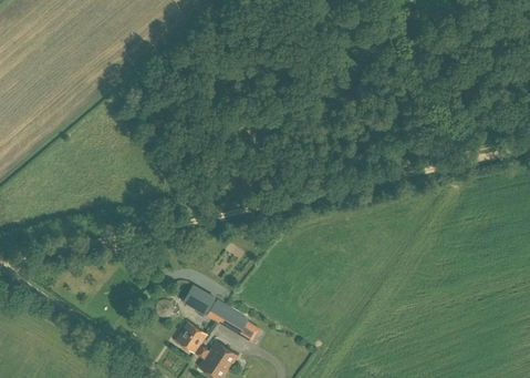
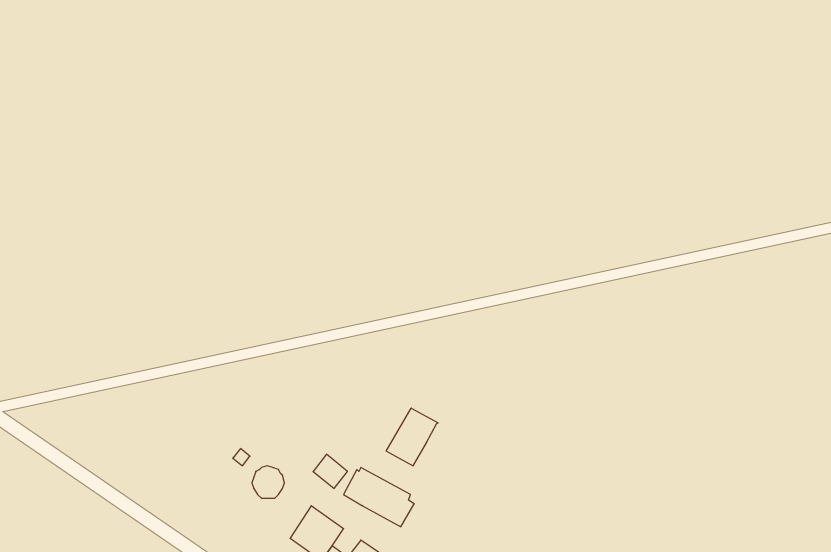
building: none -> [386,408,438,466]

